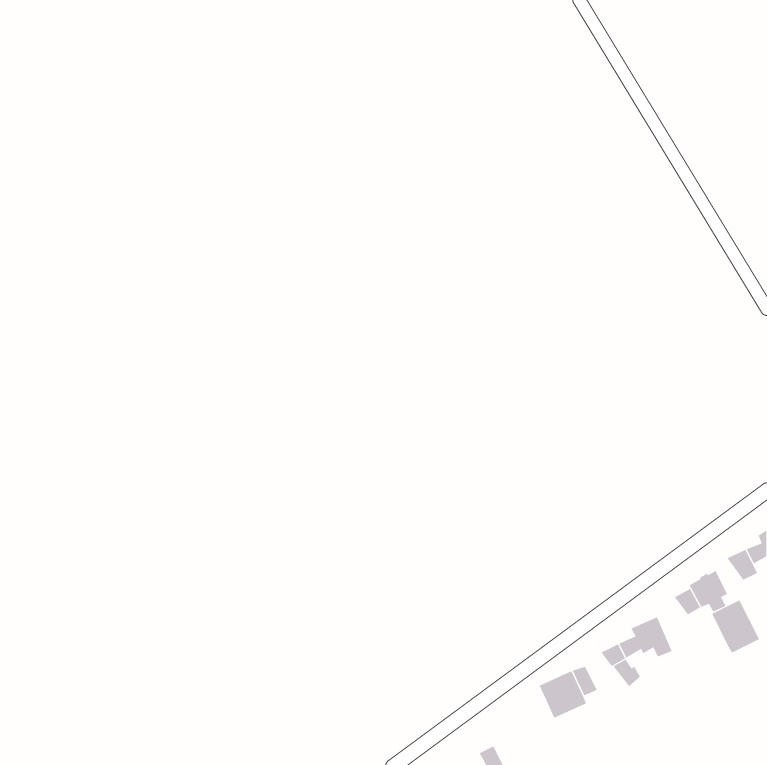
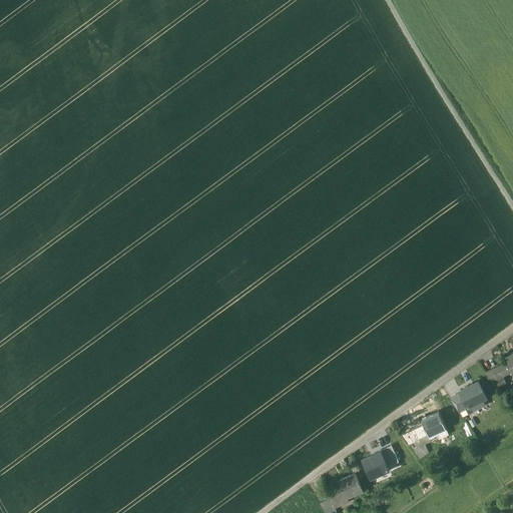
building: [712,600,760,654] -> none
building: none -> [330,474,363,501]

